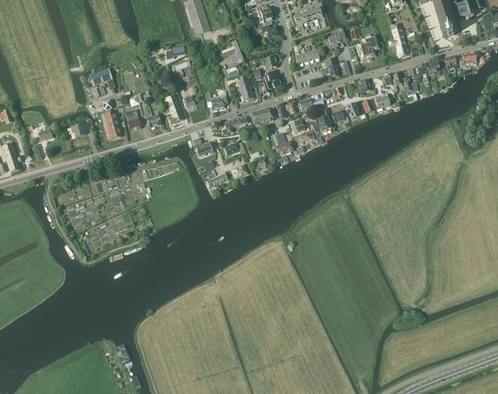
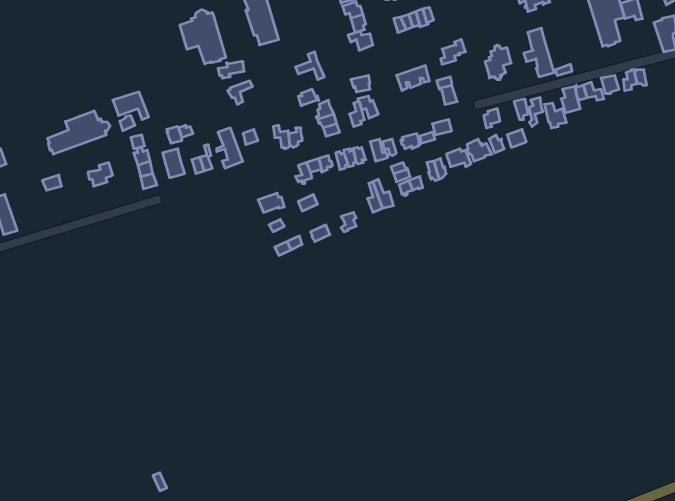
building: none -> [180,10,226,64]
building: none -> [48,111,110,154]

